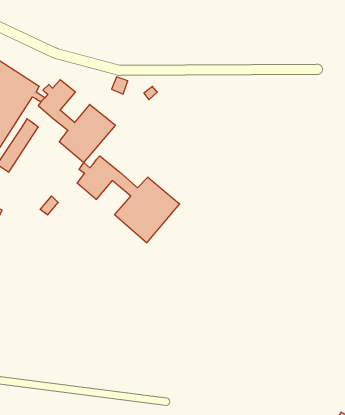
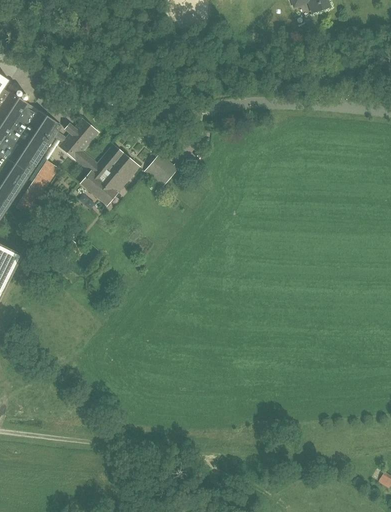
building: none -> [144,152,178,186]
building: [77,156,180,243] -> none

